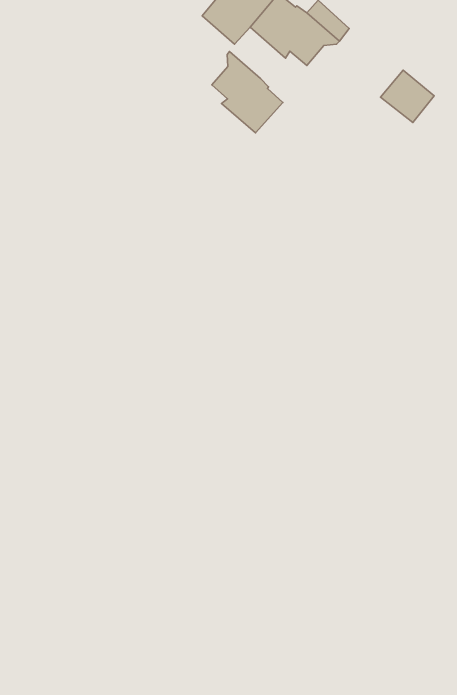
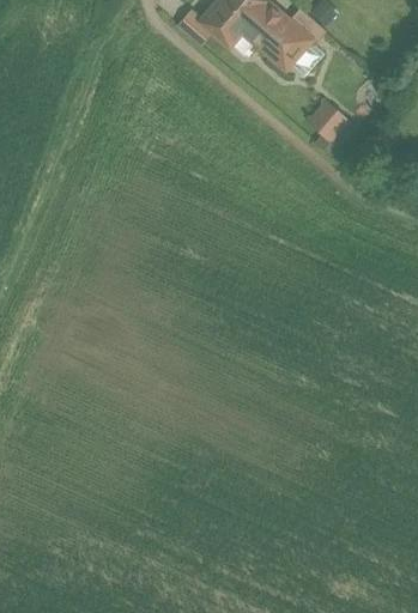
building: [212,52,283,133] -> none
building: [380,70,434,123] -> [305,101,351,145]

